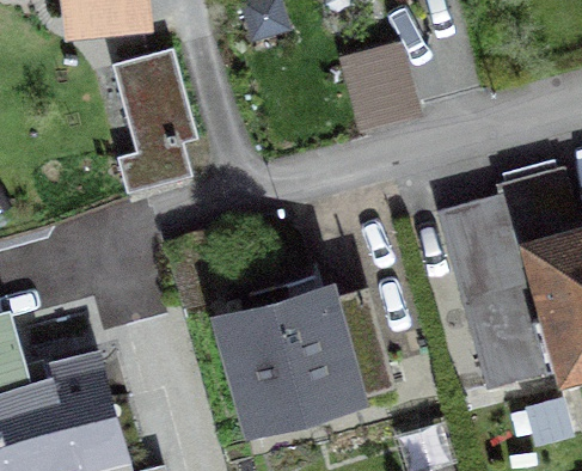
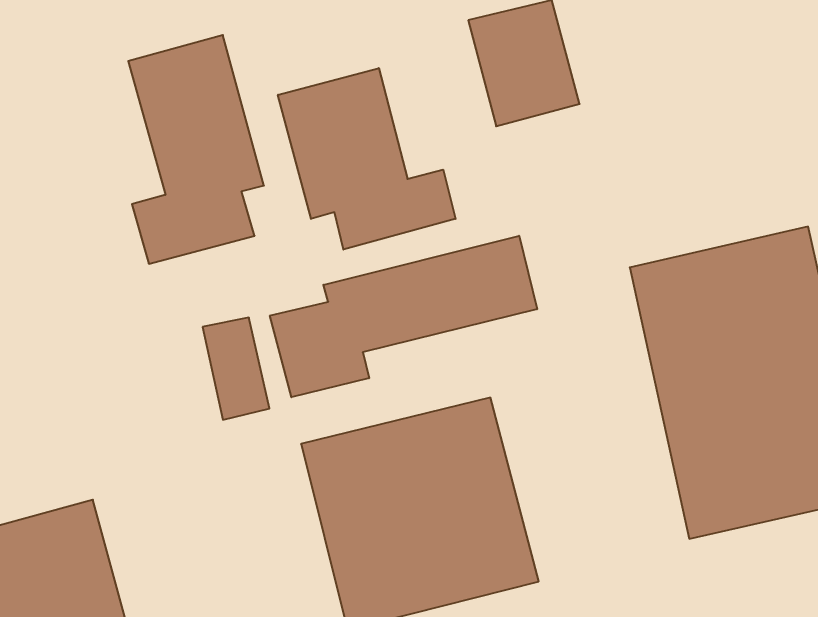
building: none -> [278,68,456,250]
building: none -> [270,236,537,397]

